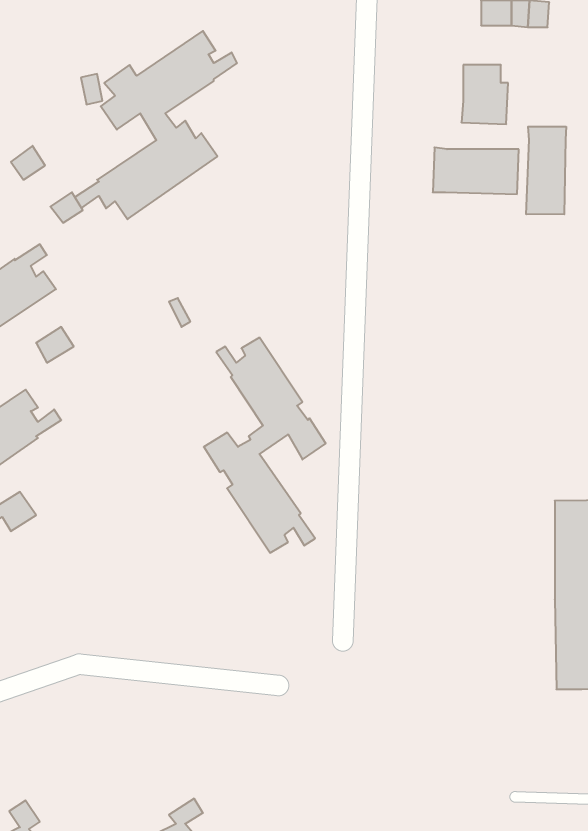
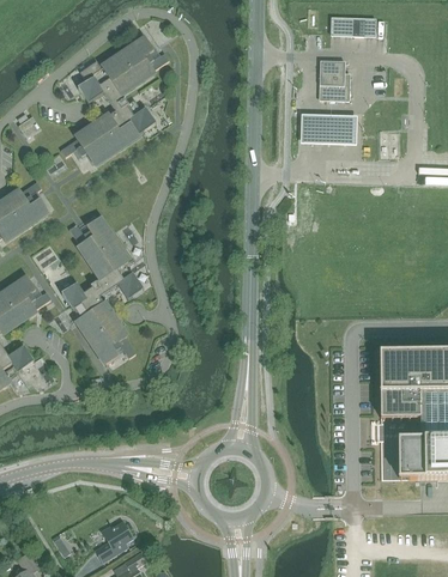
building: [526,127,566,214] -> none
building: [204,338,326,553] -> [61,218,143,362]
building: none -> [97,521,134,561]

